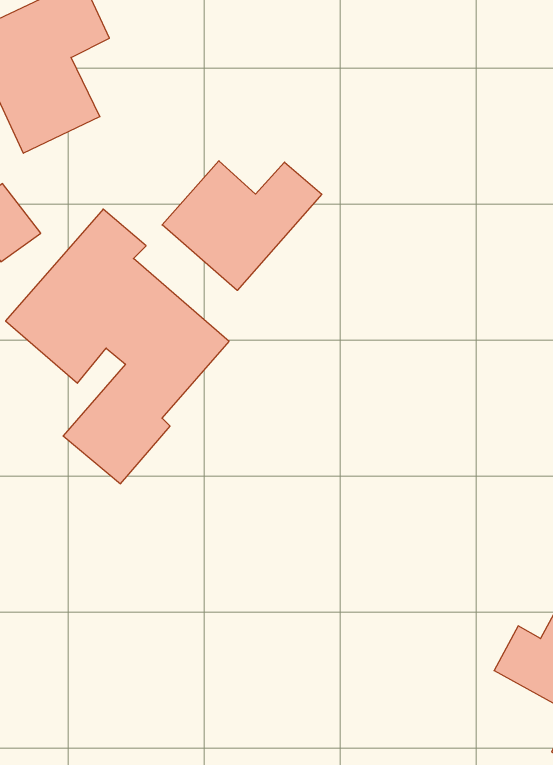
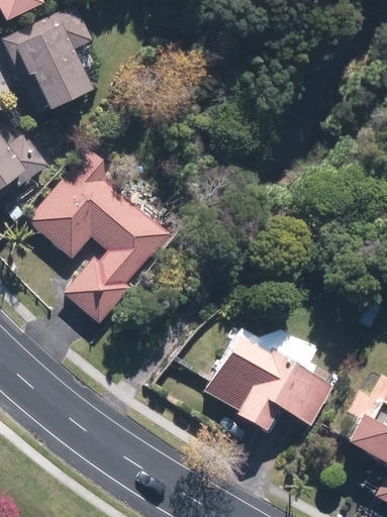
building: [162,161,322,290] -> none
building: none -> [203,333,334,429]

